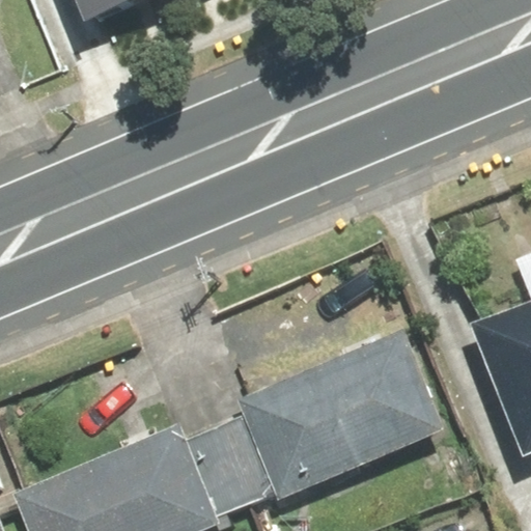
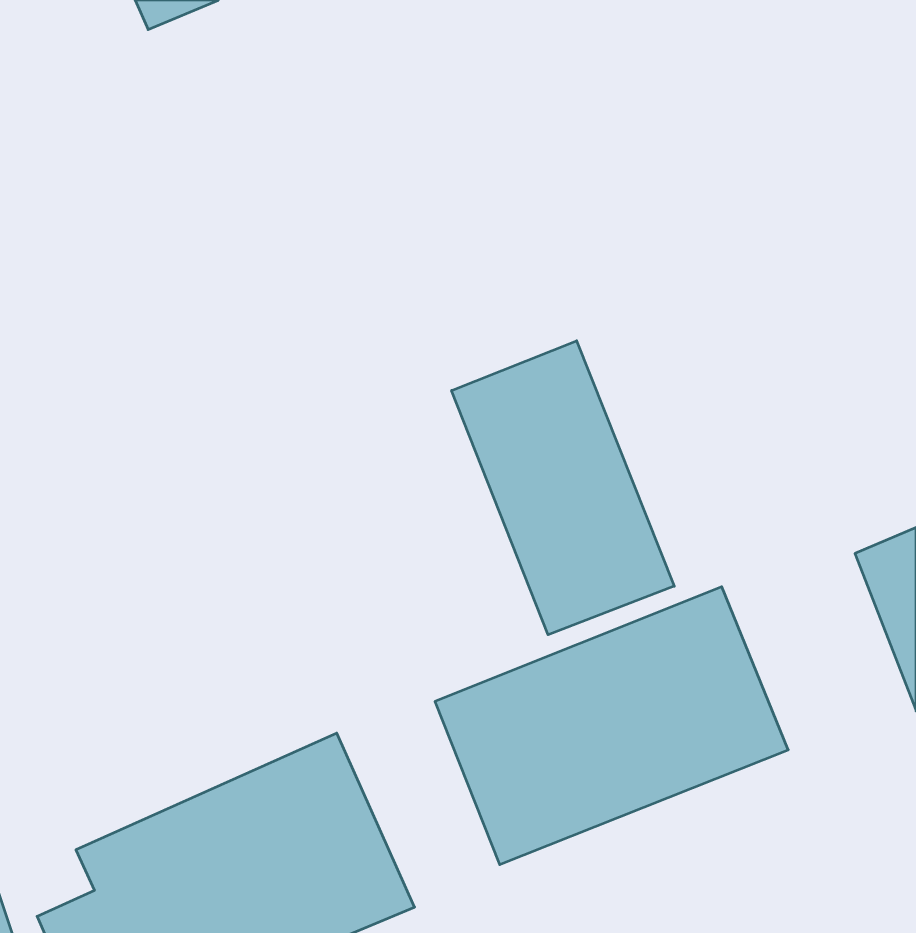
building: none -> [452,341,674,635]

